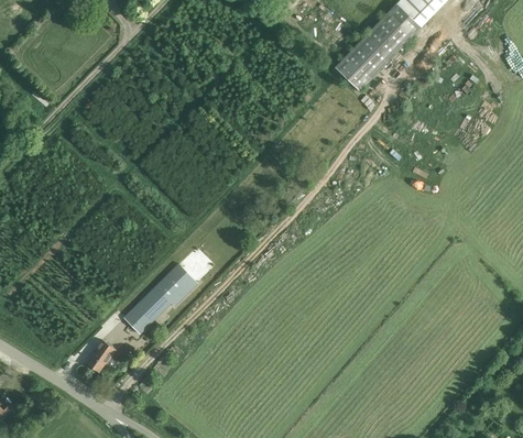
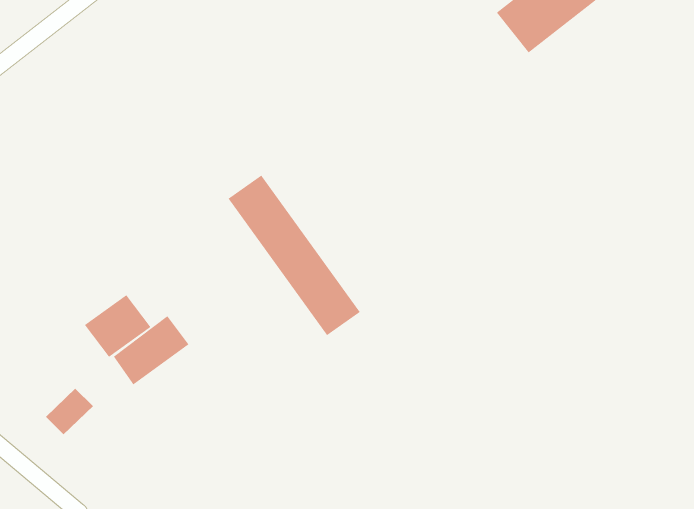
building: none -> [227,174,361,336]
building: [153,264,196,306] -> [84,294,152,358]

